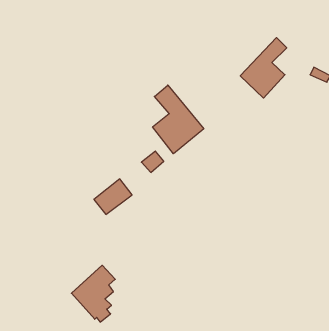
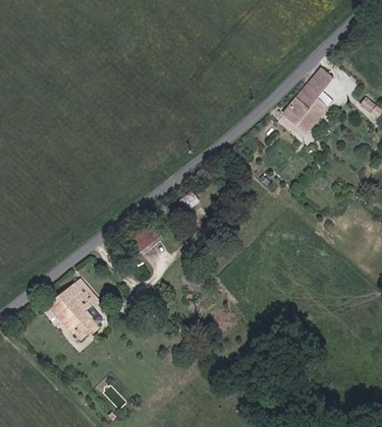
building: [153,85,204,154] -> none
building: [71,265,115,322] -> [48,277,96,339]

